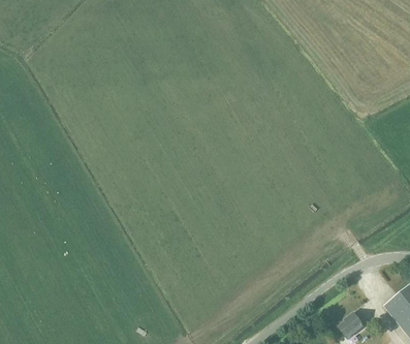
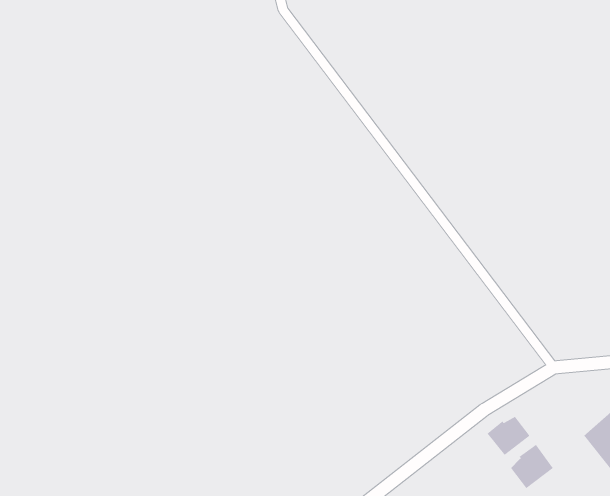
building: none -> [486,416,531,456]

